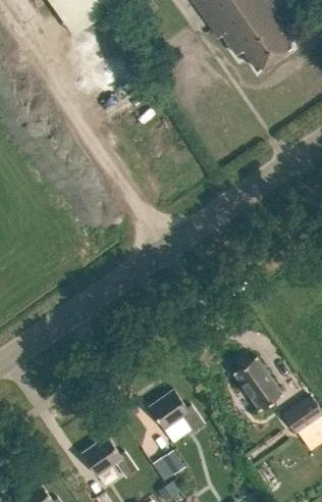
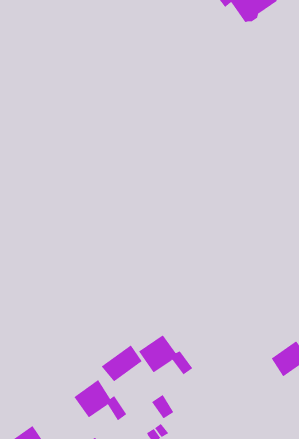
building: [233,357,281,410] -> none
building: none -> [101,345,143,382]

